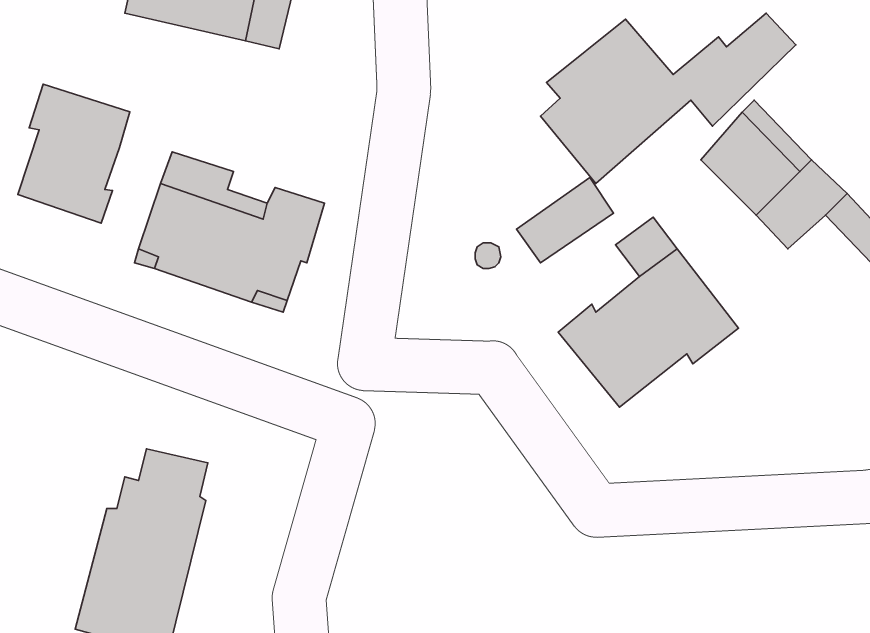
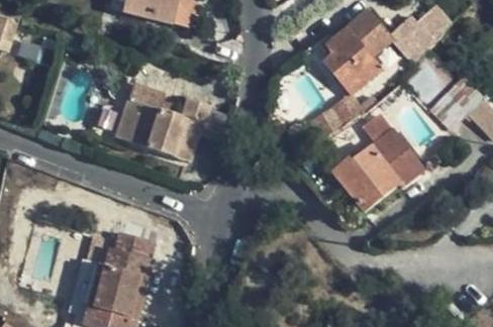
building: [18,84,130,223] -> none

